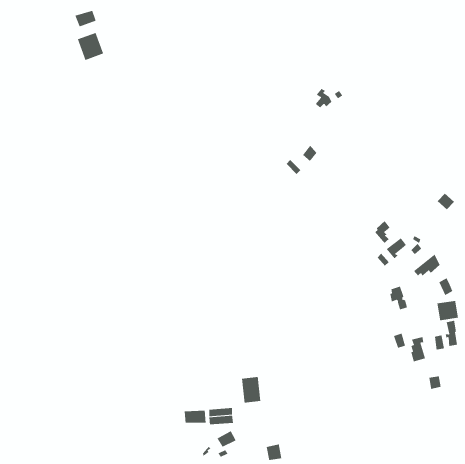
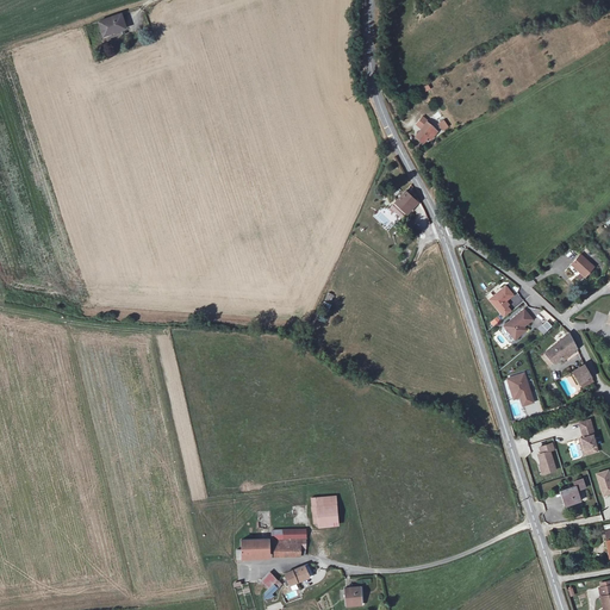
building: [77,32,104,61] -> none
building: [437,300,459,321] -> none

